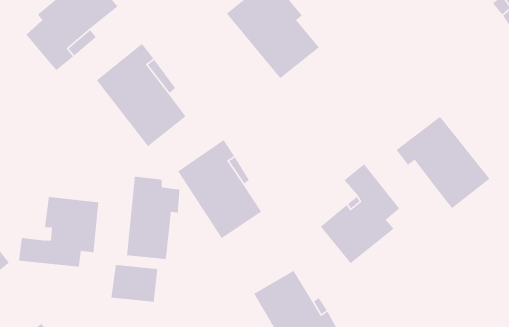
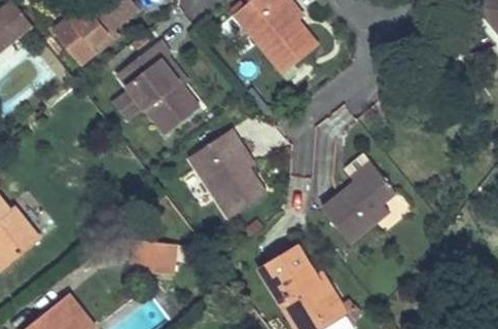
building: [395,116,491,209] -> none
building: [126,176,181,260] -> none
building: [18,196,99,268] -> none

